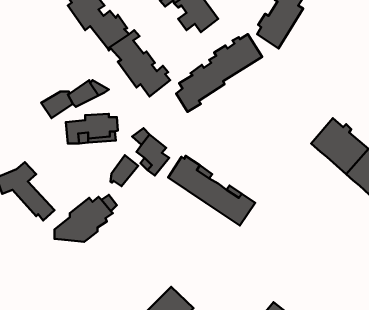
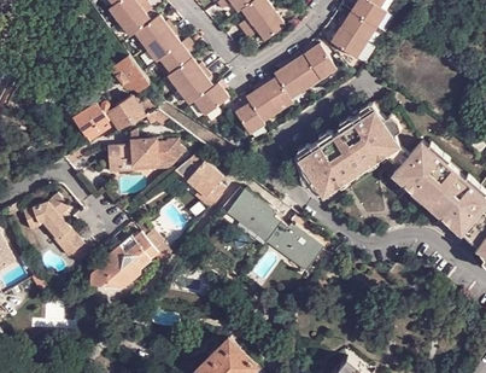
building: none -> [115,57,150,92]
building: none -> [298,110,411,199]
building: [110,155,138,186] -> none

